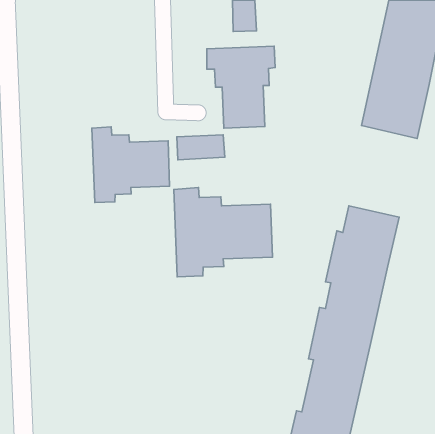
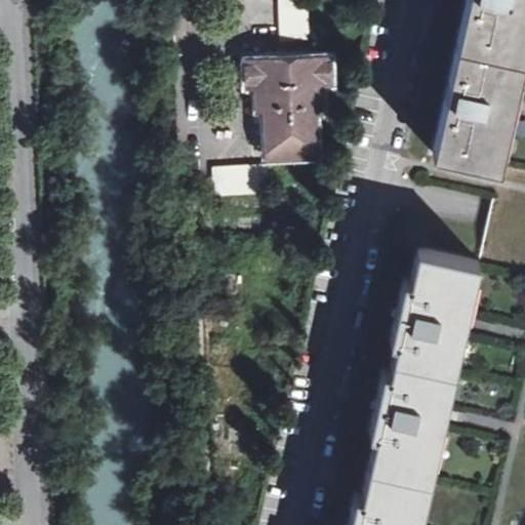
building: [92,127,170,203] -> none
building: [174,187,272,277] -> none

